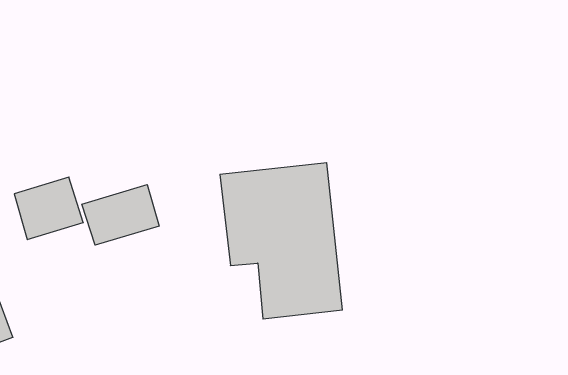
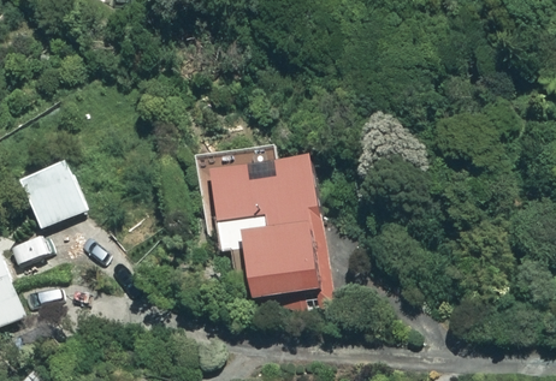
building: [82,185,159,245] -> none

